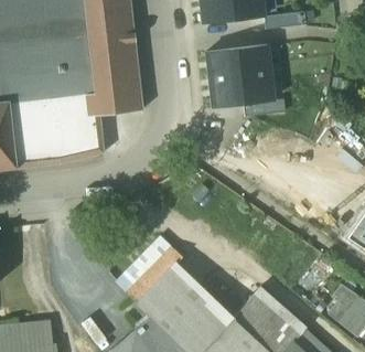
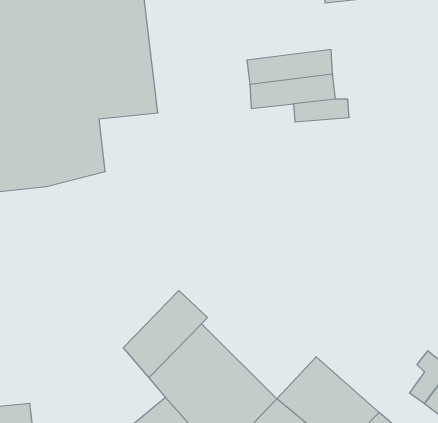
building: [206,44,270,71] -> none

